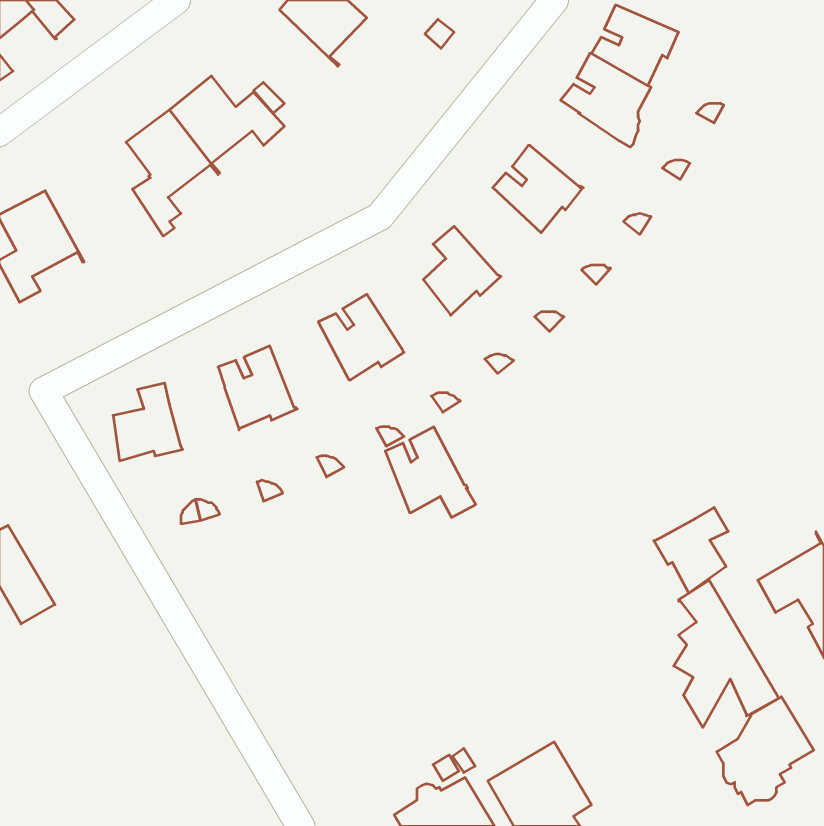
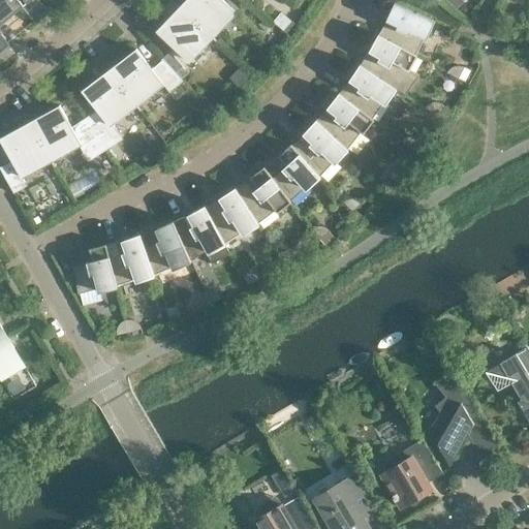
building: none -> [155,6,216,62]
building: none -> [339,64,396,120]
building: none -> [29,105,104,167]
building: none -> [290,120,348,176]
building: none -> [235,167,290,223]
building: none -> [108,235,154,285]
building: [385,427,476,517] -> [173,206,230,263]
building: [654,507,728,593] -> none
building: [717,697,814,805] -> [380,439,442,508]

